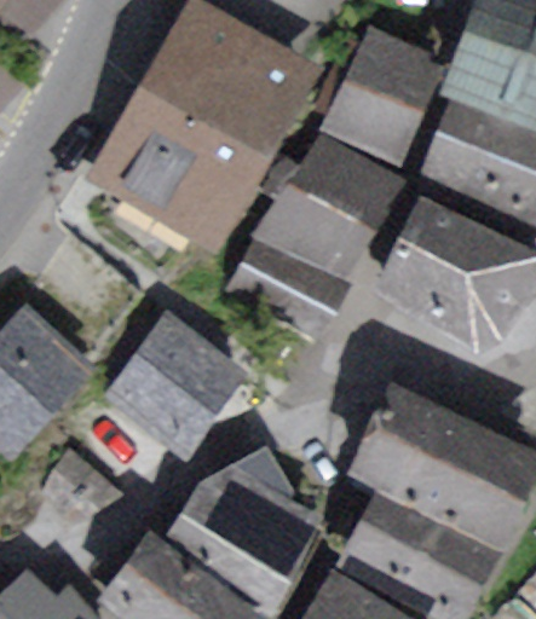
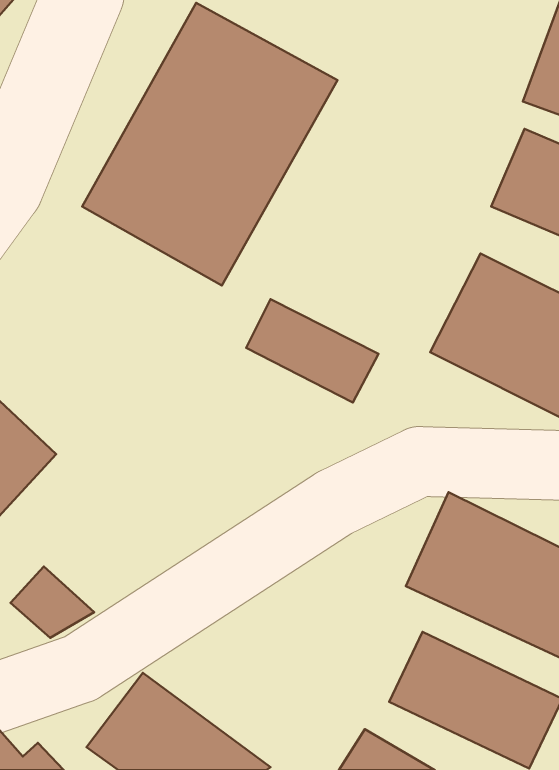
building: [333,34,439,152] -> none
building: [271,139,392,266] -> none
building: [115,319,236,442] -> none
building: [175,461,316,598] -> none

